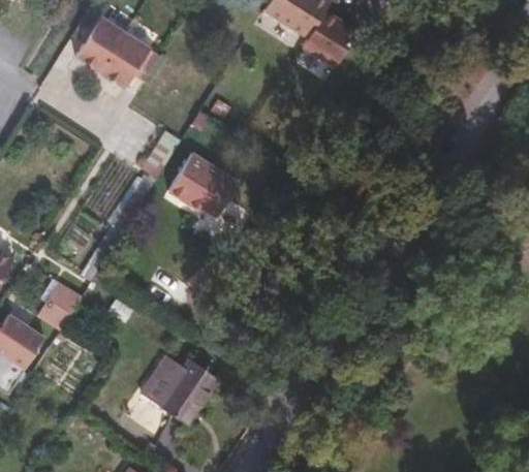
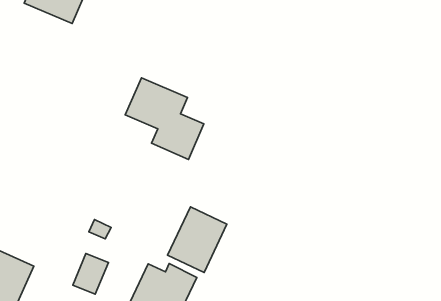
building: [36,285,79,331] -> [73,254,108,294]
building: none -> [167,207,227,272]

